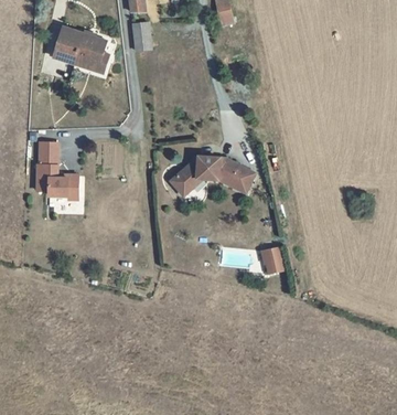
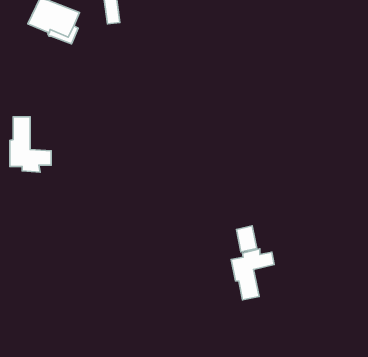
building: [167,158,254,199] -> none
building: none -> [231,249,274,300]

